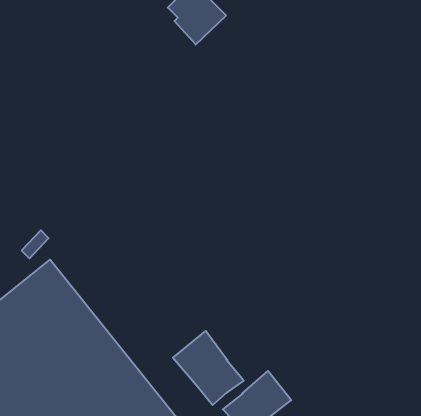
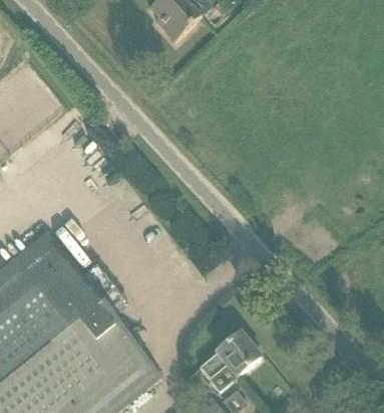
building: [173,331,244,405] -> none

